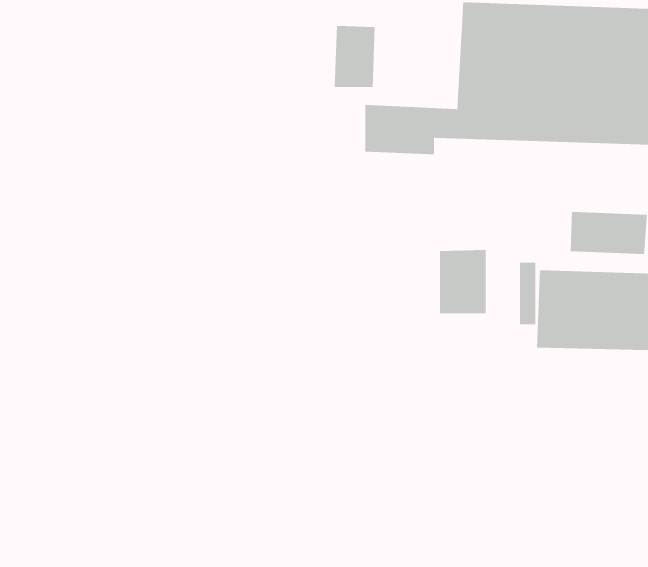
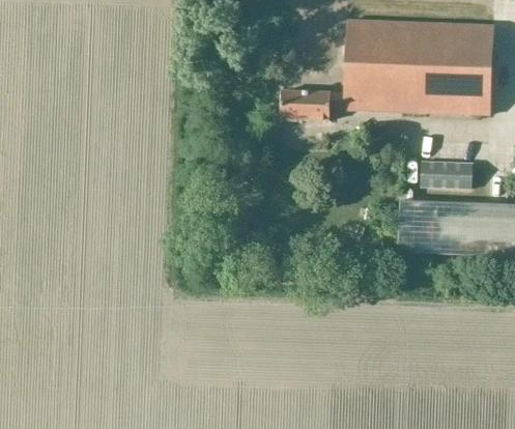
building: [334,25,375,88] -> none
building: [440,249,486,314] -> none

